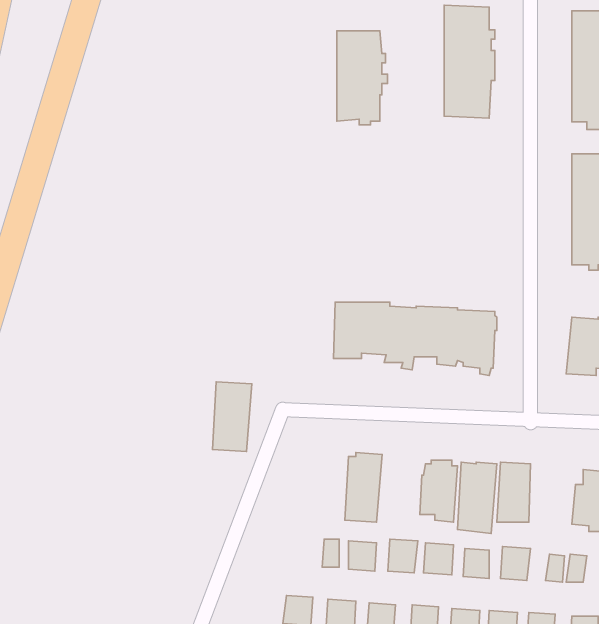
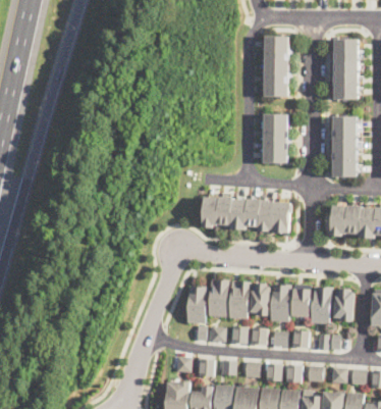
building: [337,31,387,125] -> [263,114,290,165]
building: [213,382,252,451] -> [186,286,208,323]
building: none -> [229,280,251,318]
building: none -> [311,286,330,323]

